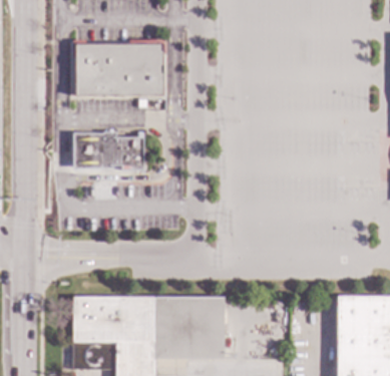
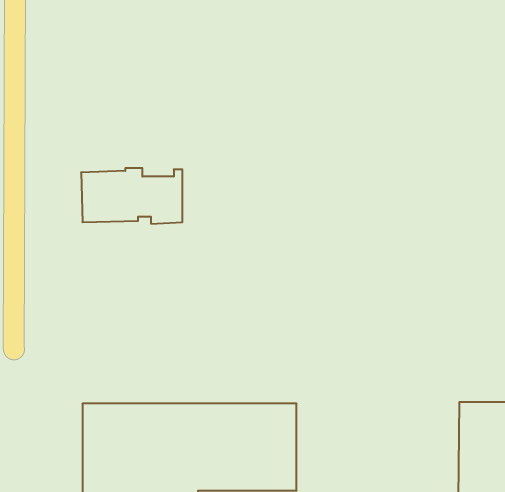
building: [76,42,163,106] -> none

